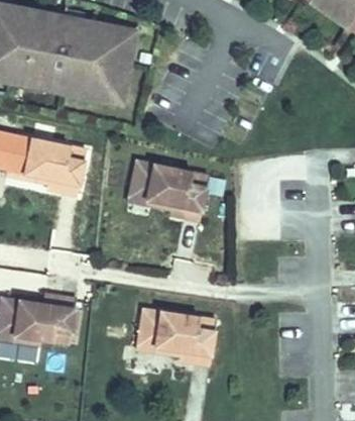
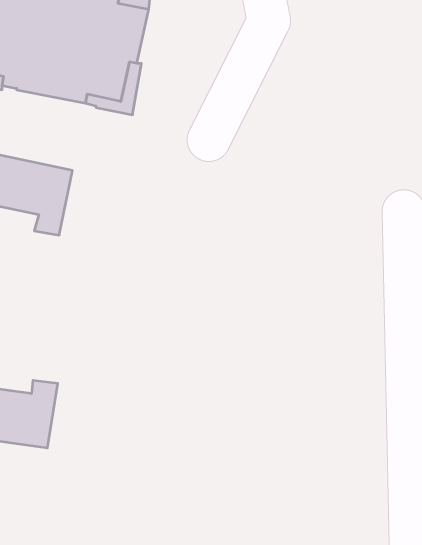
building: [138,167,216,226] -> none
building: [135,307,212,362] -> none

